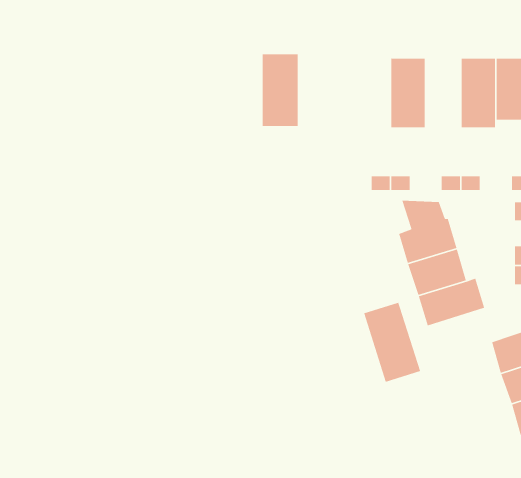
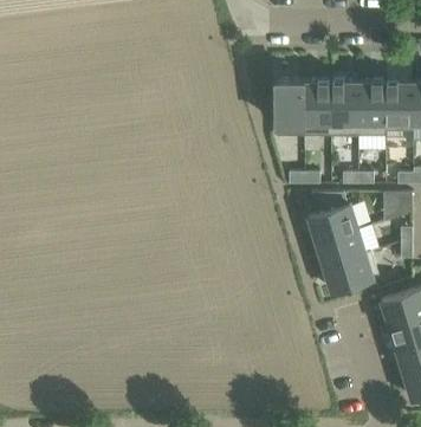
building: [262,54,298,127] -> [276,79,304,136]
building: none -> [331,82,358,136]
building: [363,299,421,383] -> none

